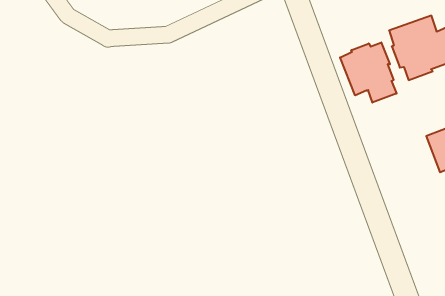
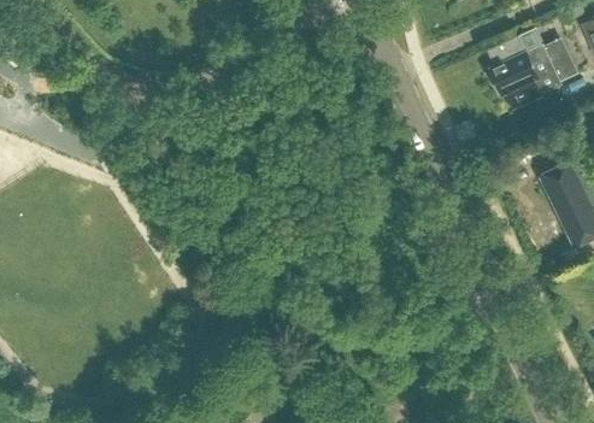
building: [340,42,397,103] -> none

